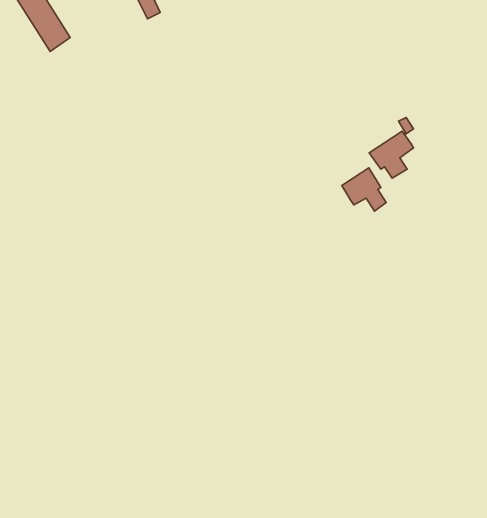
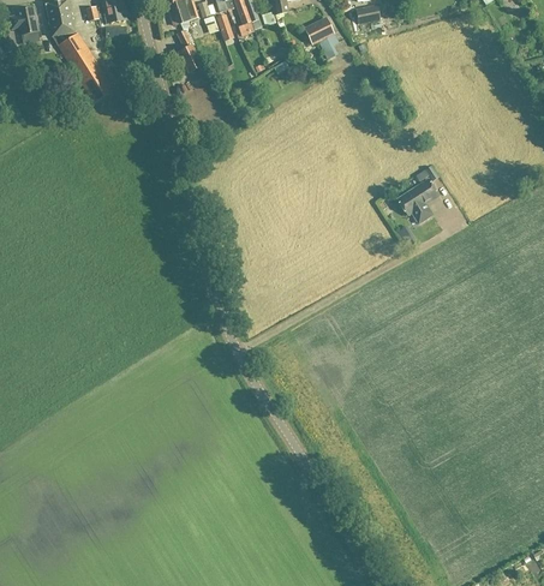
building: [342,168,386,211] -> none

